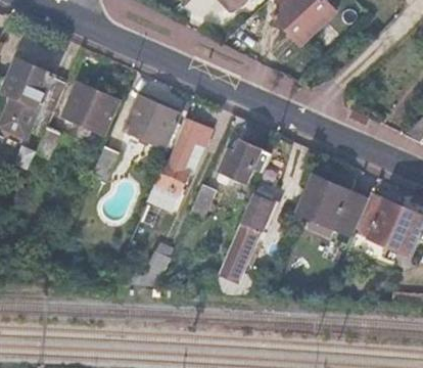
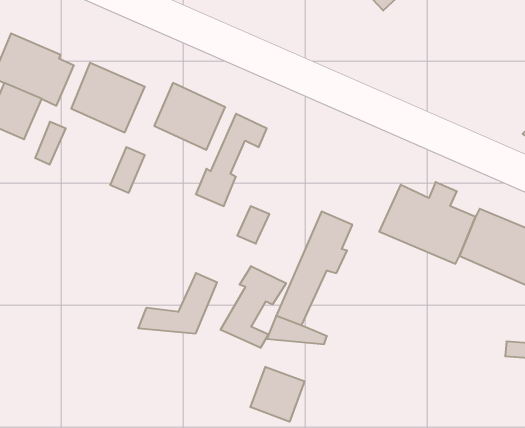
building: [216,142,271,185] -> none
building: none -> [221,266,286,348]
building: none -> [250,367,305,422]

